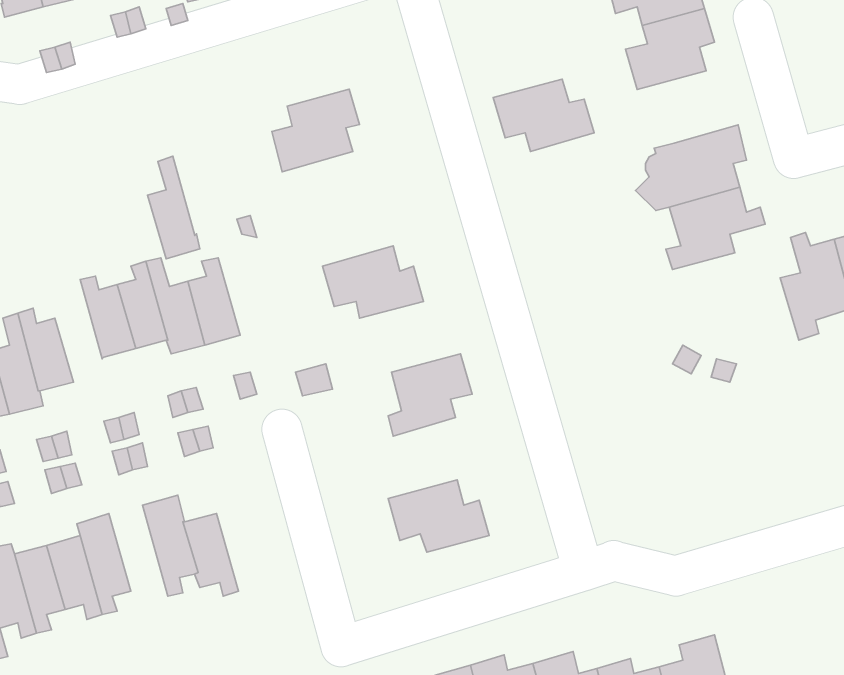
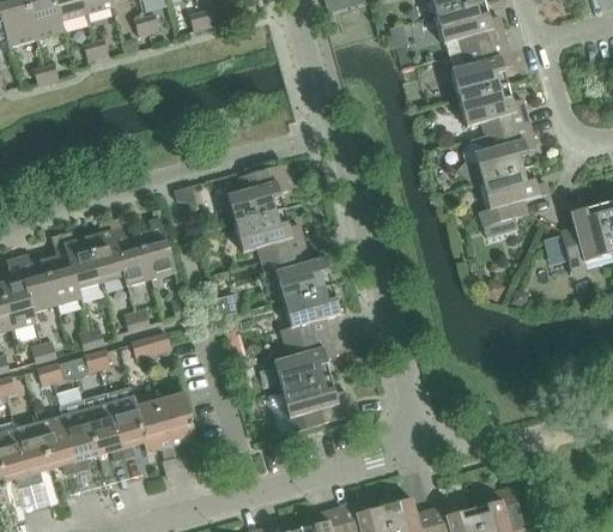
building: [493,79,594,151] -> [459,84,530,135]
building: [272,89,359,172] -> [227,164,290,223]
building: [148,156,200,259] -> [44,232,81,306]
building: none -> [261,248,333,298]
building: none -> [273,331,336,388]
building: none -> [159,392,196,454]
building: none -> [83,393,125,461]

